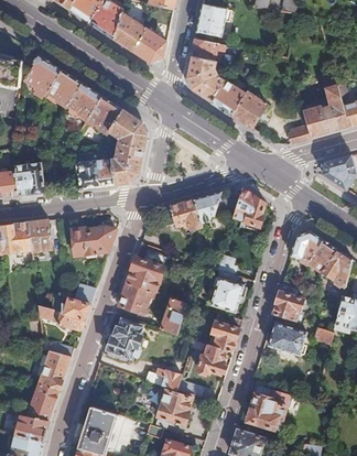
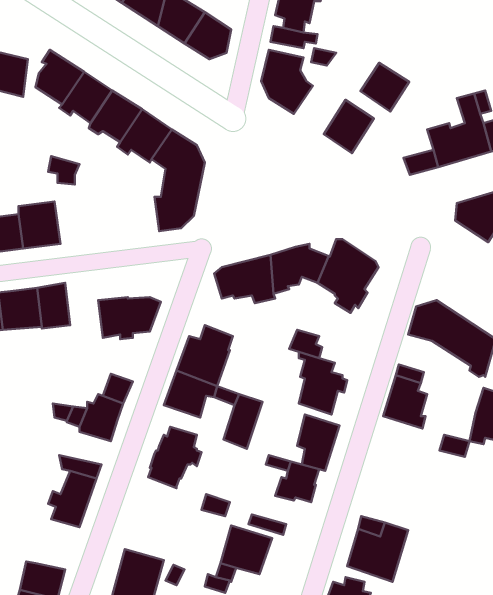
building: [208,80,242,115] -> [360,63,409,112]
building: [75,151,113,187] -> none
building: [267,322,304,354] -> none
building: [26,384,57,421] -> none

